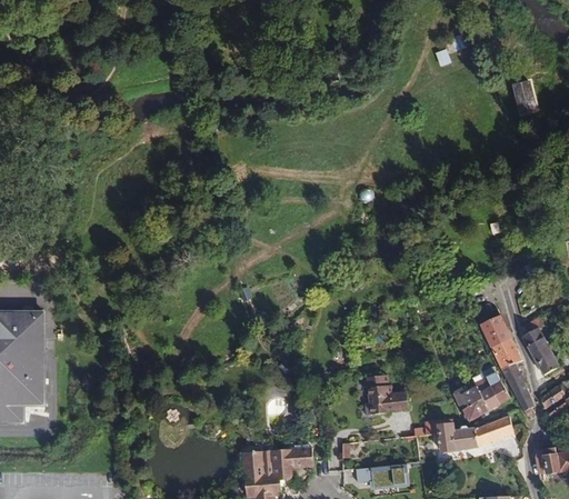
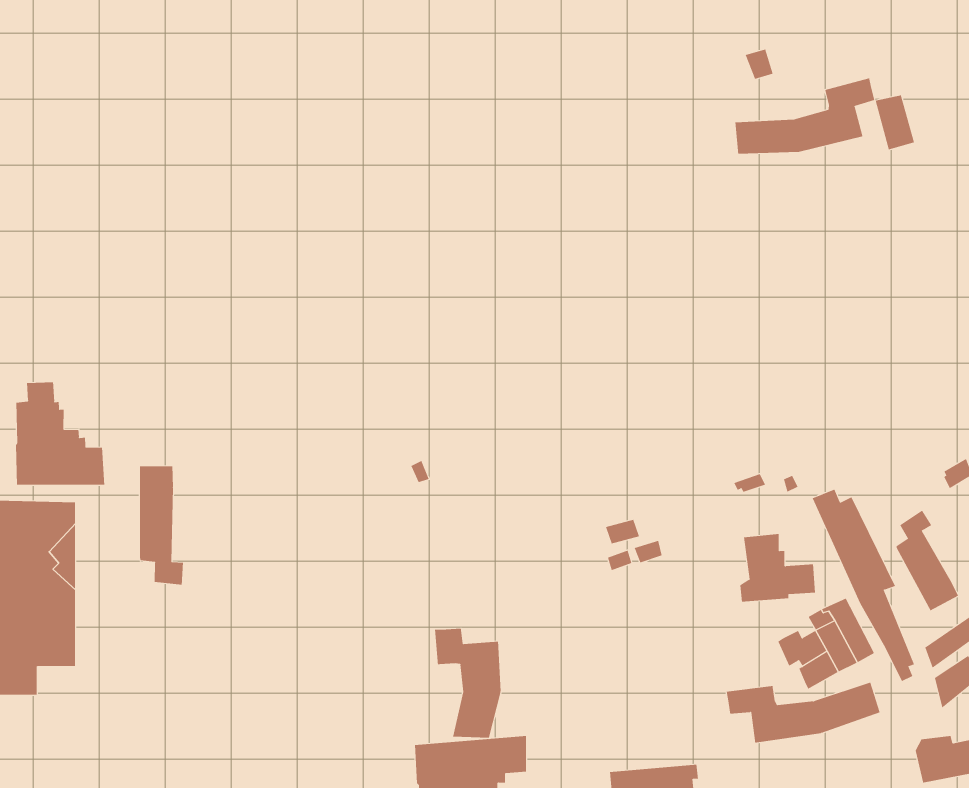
building: none -> [735,77,875,154]
building: none -> [15,381,105,486]
building: none -> [140,465,183,586]
building: [363,376,408,416] -> [739,533,816,602]
building: none -> [434,628,501,739]

